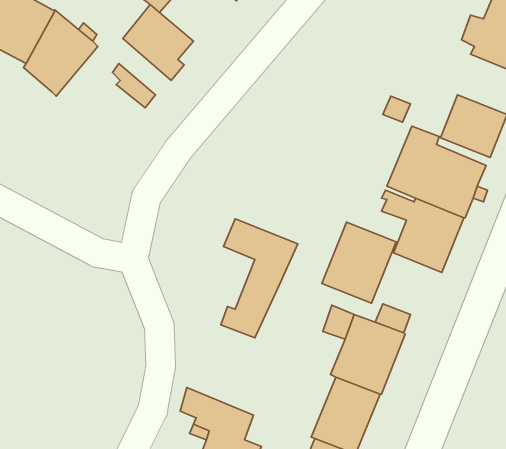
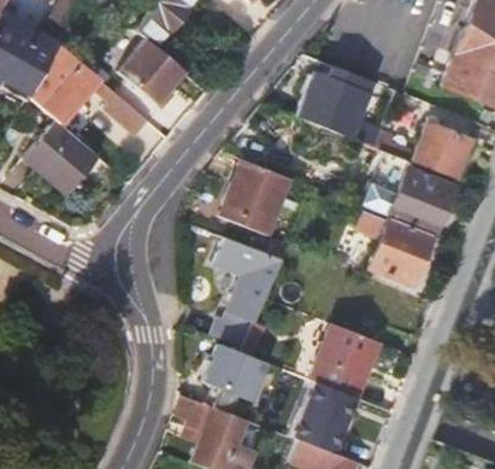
building: none -> [299,68,375,139]
building: none -> [22,121,99,197]
building: [322,222,396,303] -> [222,160,290,235]
building: none -> [205,345,269,403]

